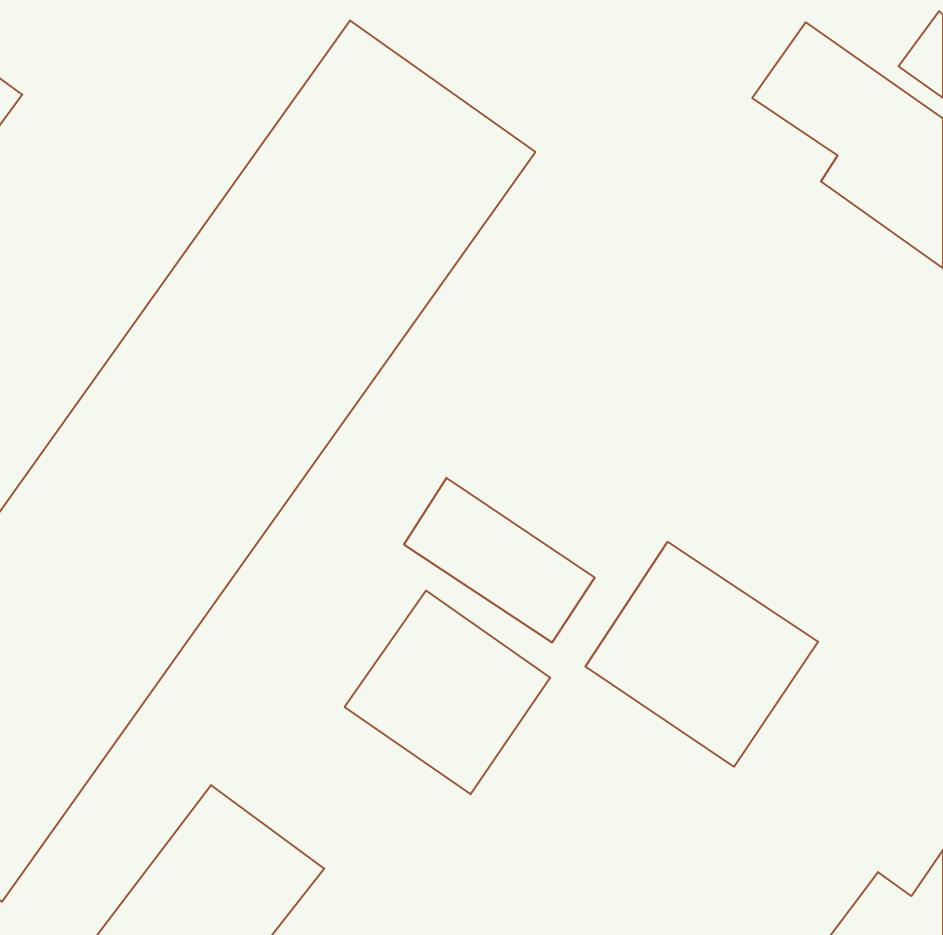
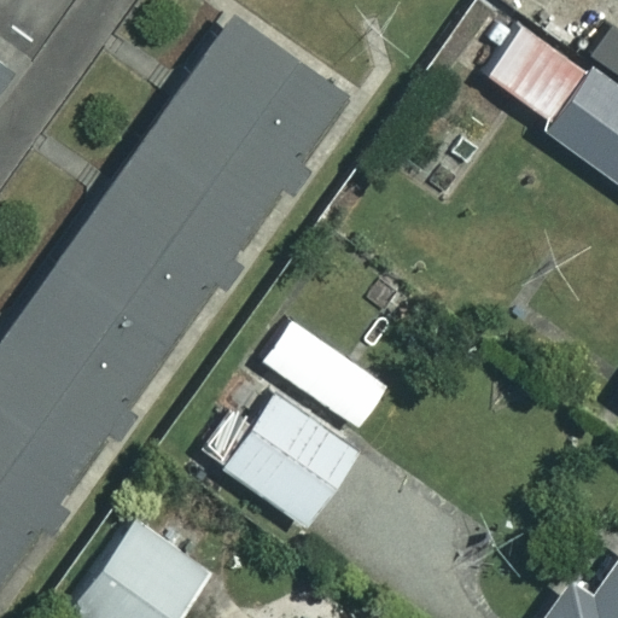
building: [585,542,818,767] -> none

